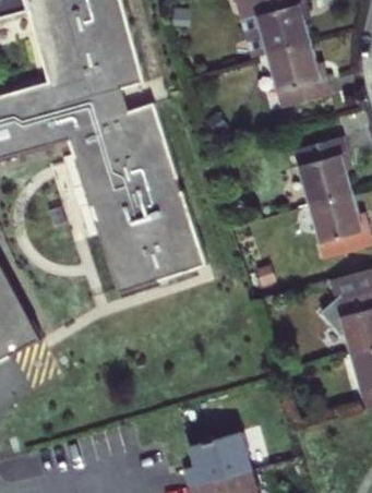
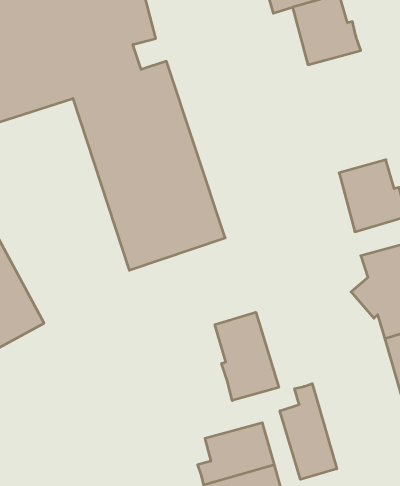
building: [293,136,352,205] -> none
building: none -> [215,312,279,401]
building: none -> [280,384,337,479]

